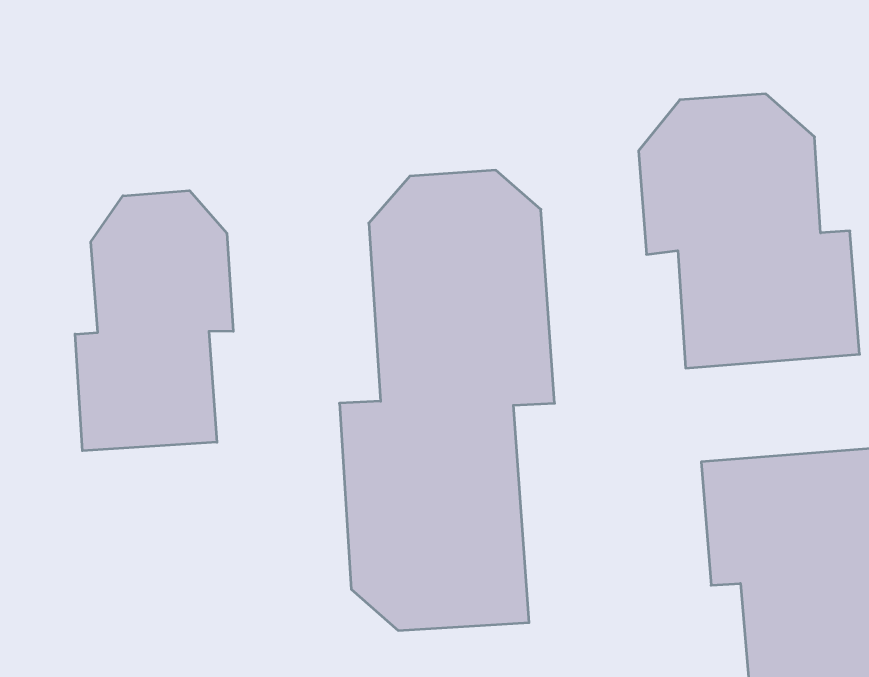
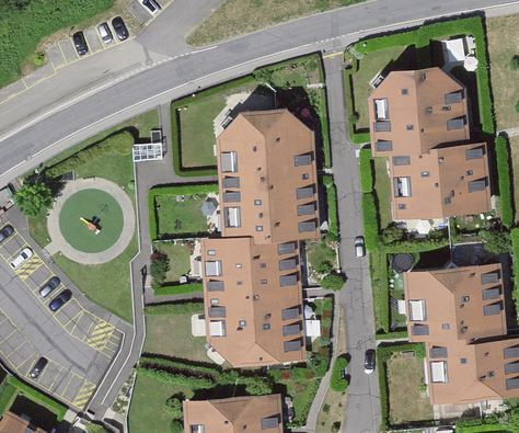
building: [75,191,233,451] -> none

